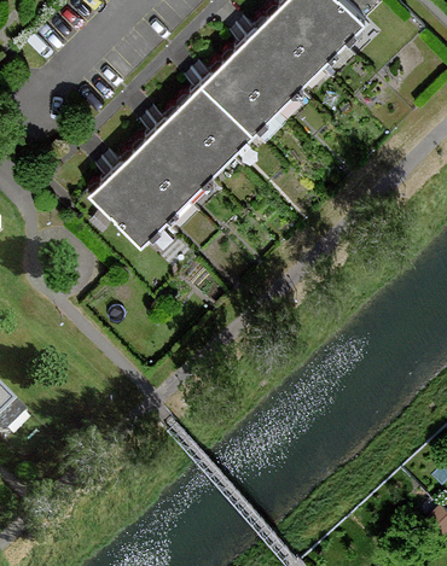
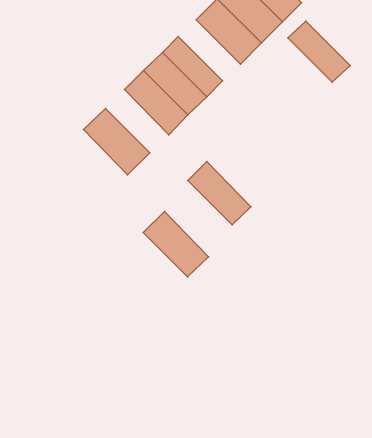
building: [224,37,295,107] -> [288,21,350,82]
building: [140,117,213,189] -> [188,162,251,225]
building: [91,163,166,238] -> [143,211,209,277]

